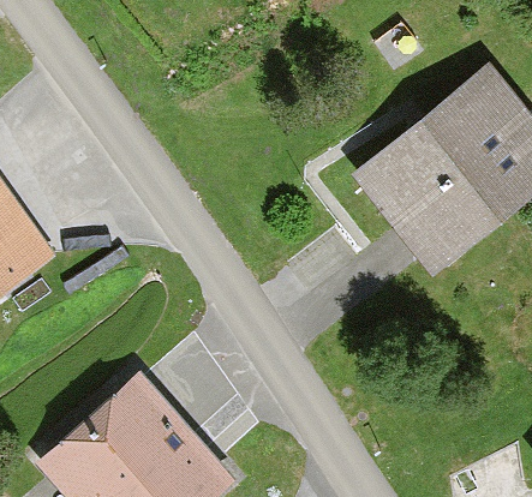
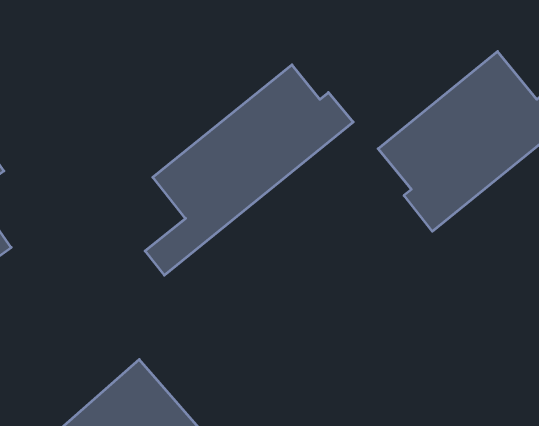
building: none -> [145,65,353,275]

